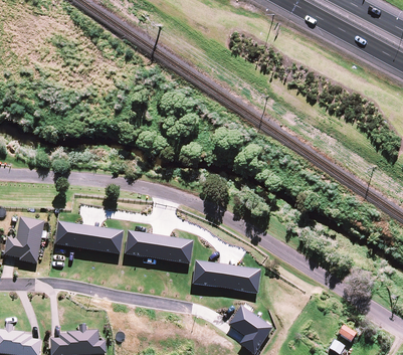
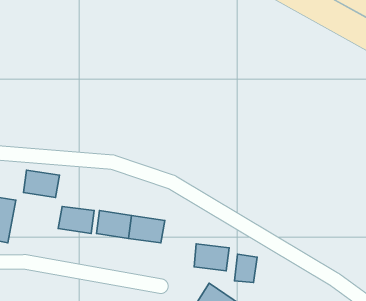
building: [55,221,91,248] -> [23,170,60,197]
building: [190,259,225,287] -> none
building: none -> [234,254,257,283]

